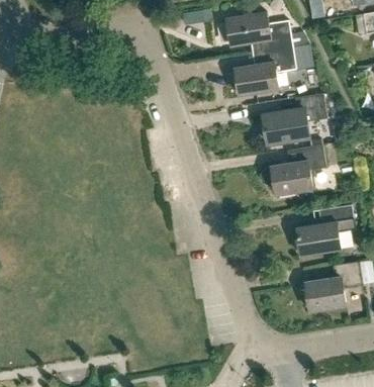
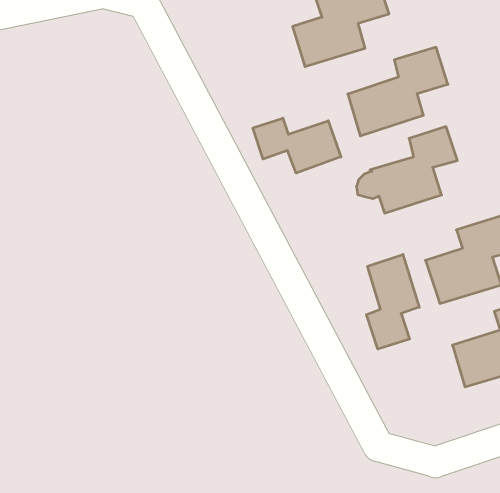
building: none -> [253,118,341,173]
building: none -> [366,254,419,349]

